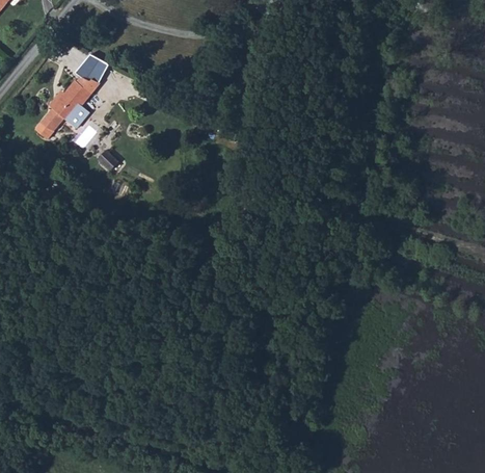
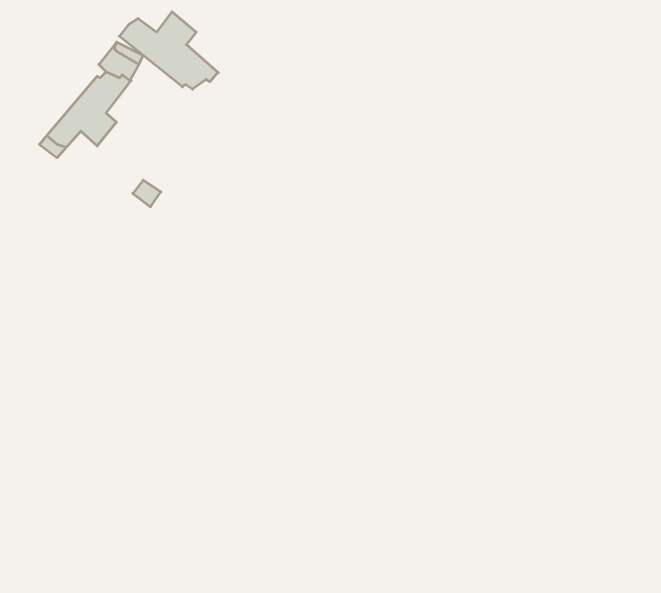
building: none -> [119,12,218,89]

